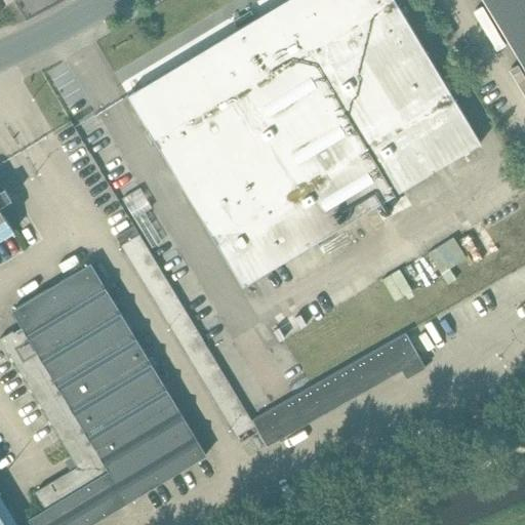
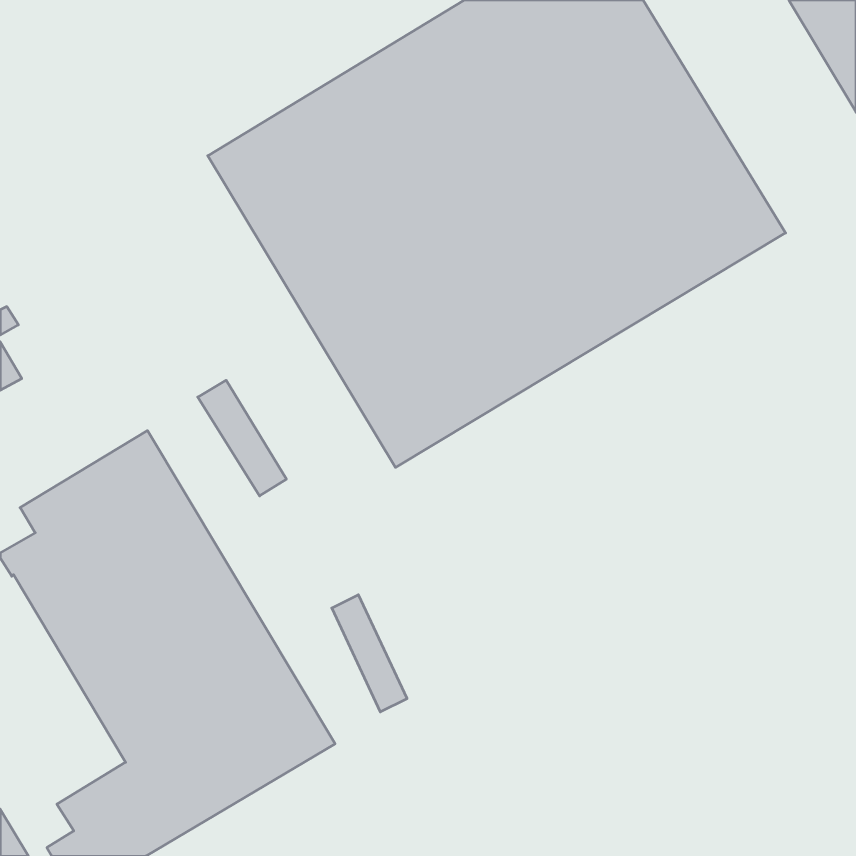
building: [250,331,426,447] -> none

